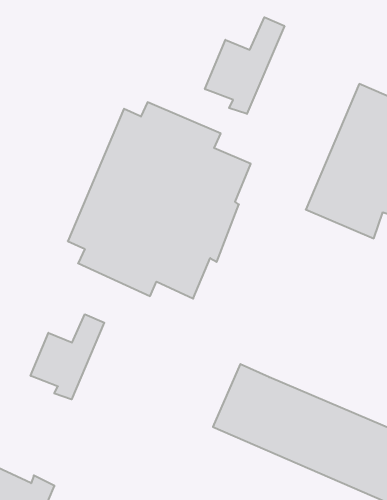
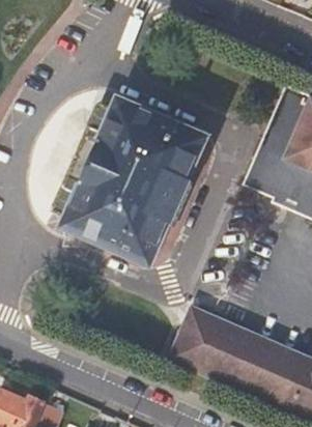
building: [205,17,284,114] -> none
building: [31,314,104,399] -> none

